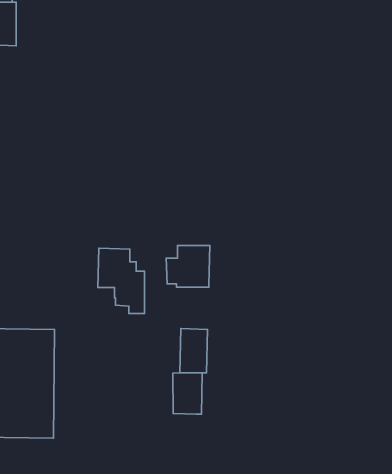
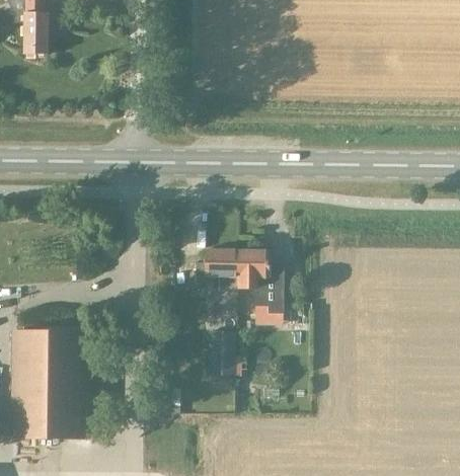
building: [98,248,144,313] -> [237,249,283,313]
building: [173,373,202,414] -> none

